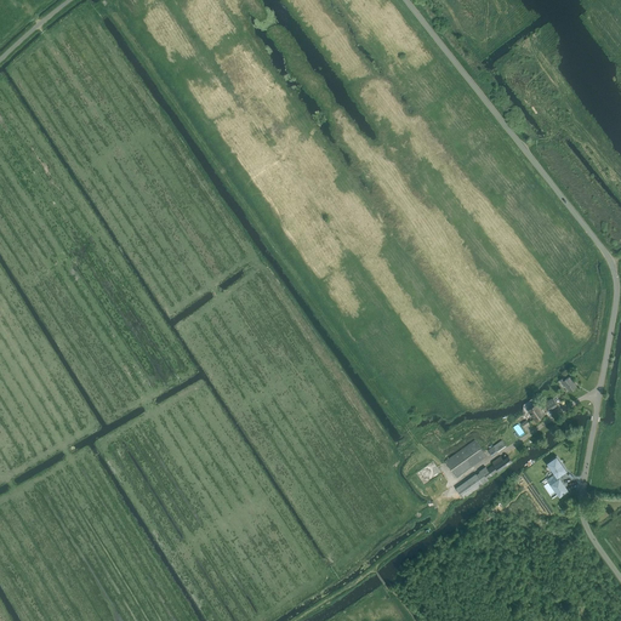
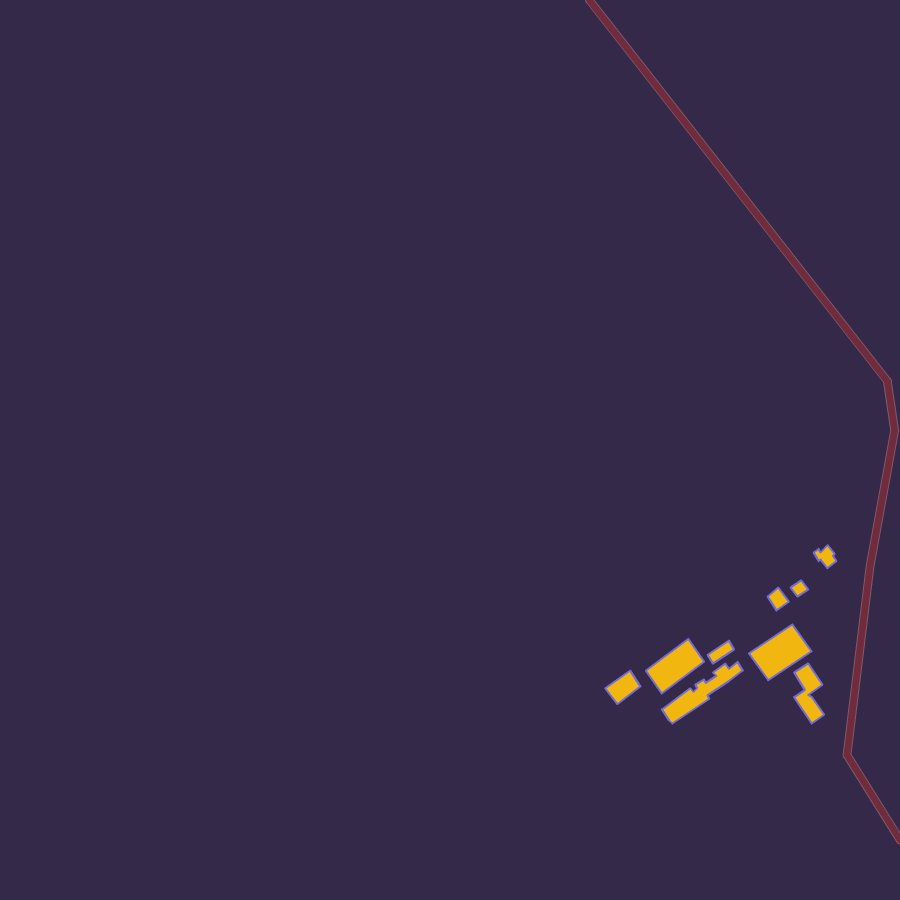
building: none -> [749,624,812,680]

